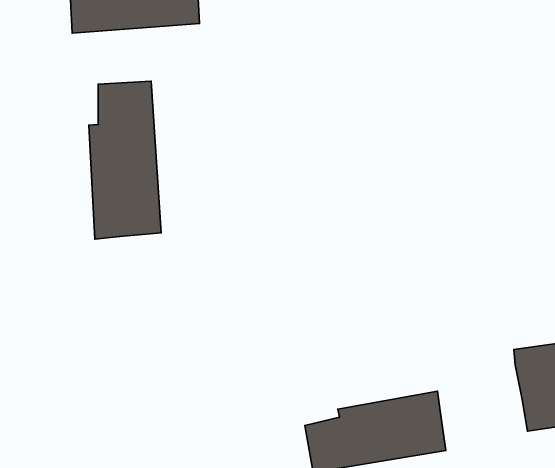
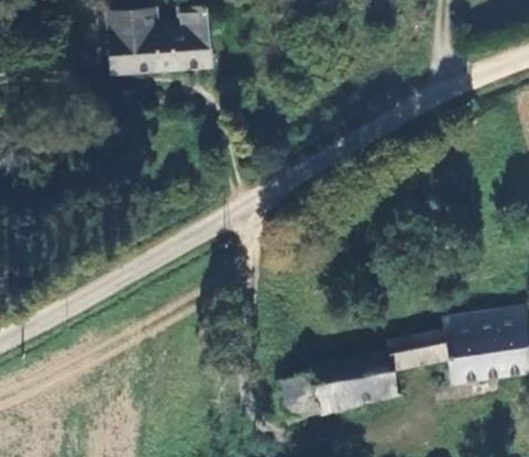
building: [89,81,161,239] -> none
building: none -> [393,332,462,370]

